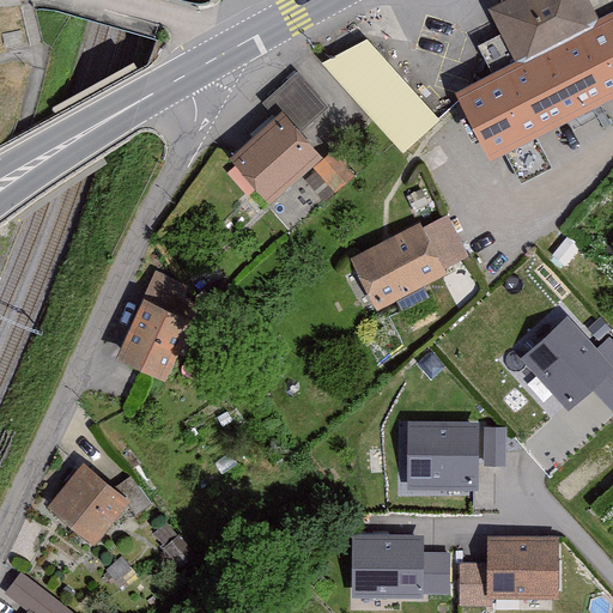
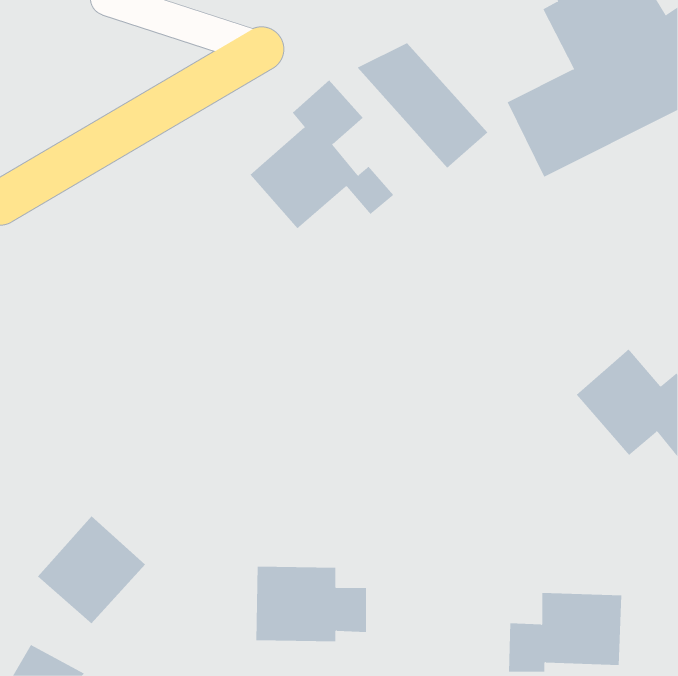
building: [351,213,471,309] -> none
building: [105,271,207,388] -> none
building: [406,419,505,492] -> none
building: [350,533,450,601] -> [255,566,367,642]

